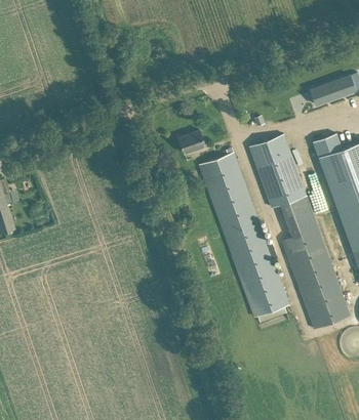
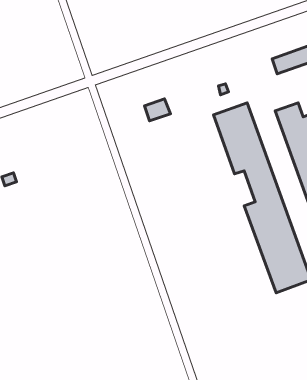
building: [199,154,289,318] -> none

